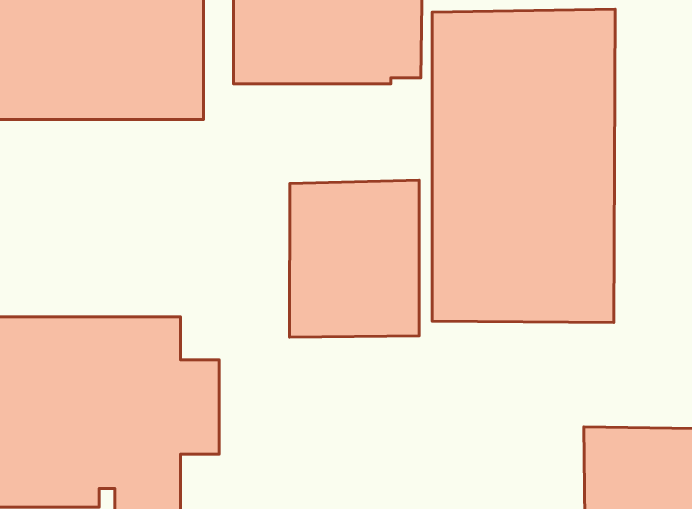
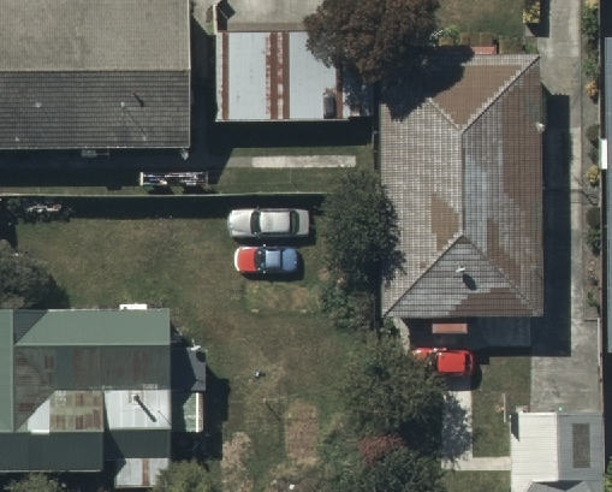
building: [290,180,419,337] -> none

